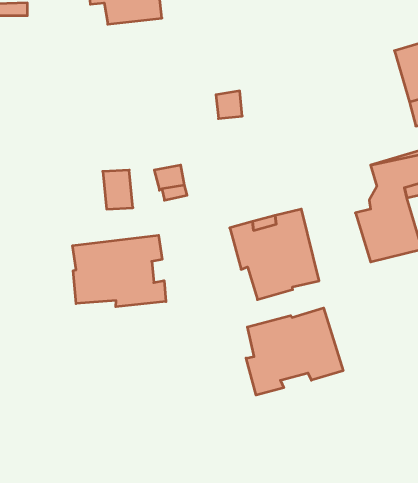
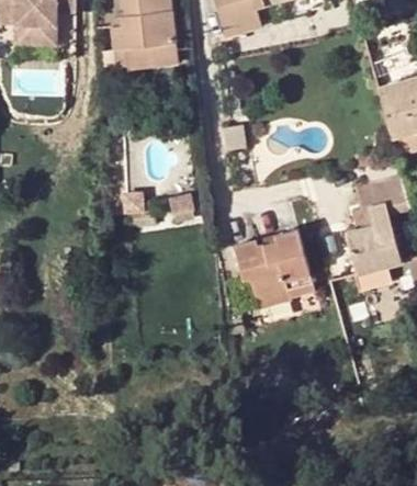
building: [73,235,166,307] -> none
building: [246,308,343,395] -> none

